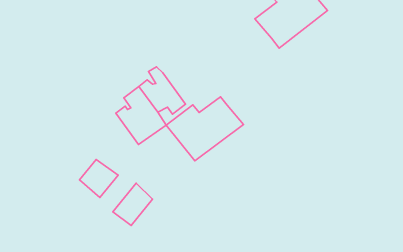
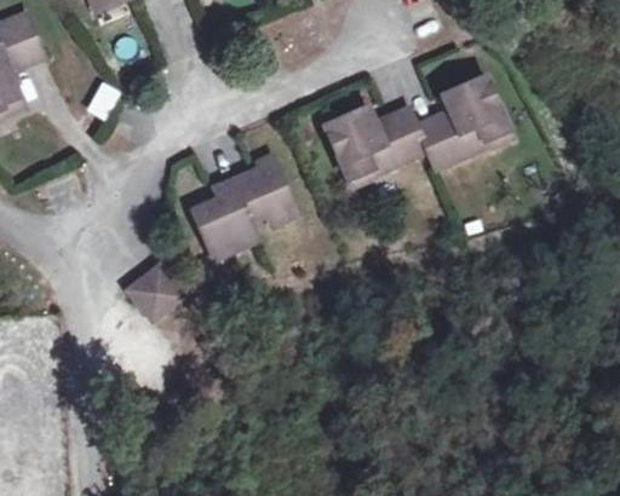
building: [166,97,243,161] -> [322,103,429,185]
building: [113,183,152,226] -> none

